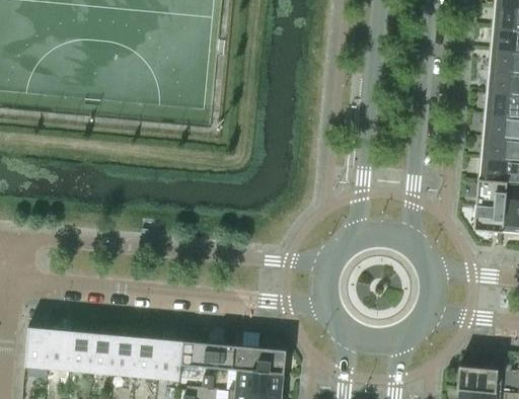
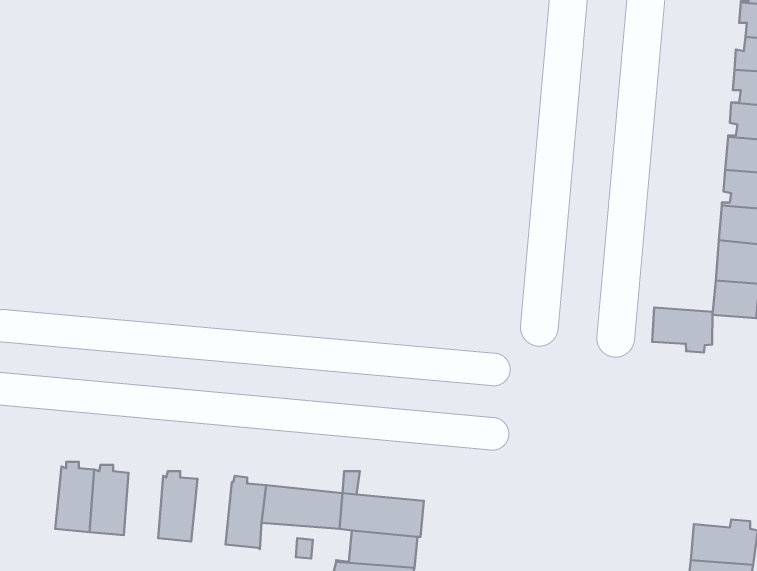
building: none -> [652,308,713,352]
building: [25,324,52,370] -> none
building: [92,330,118,376] -> none
building: [136,334,162,380] -> none

